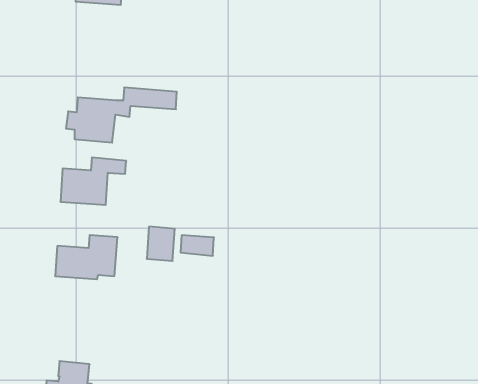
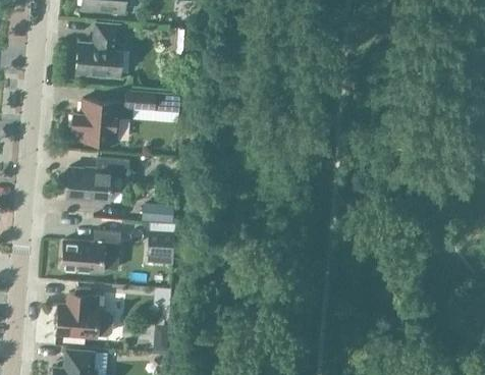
building: none -> [77,22,123,76]
building: [181,235,214,256] -> [143,203,174,222]
building: none -> [56,293,114,337]

